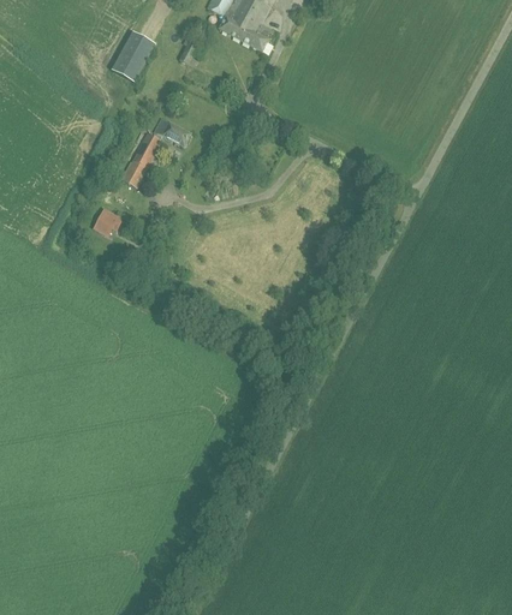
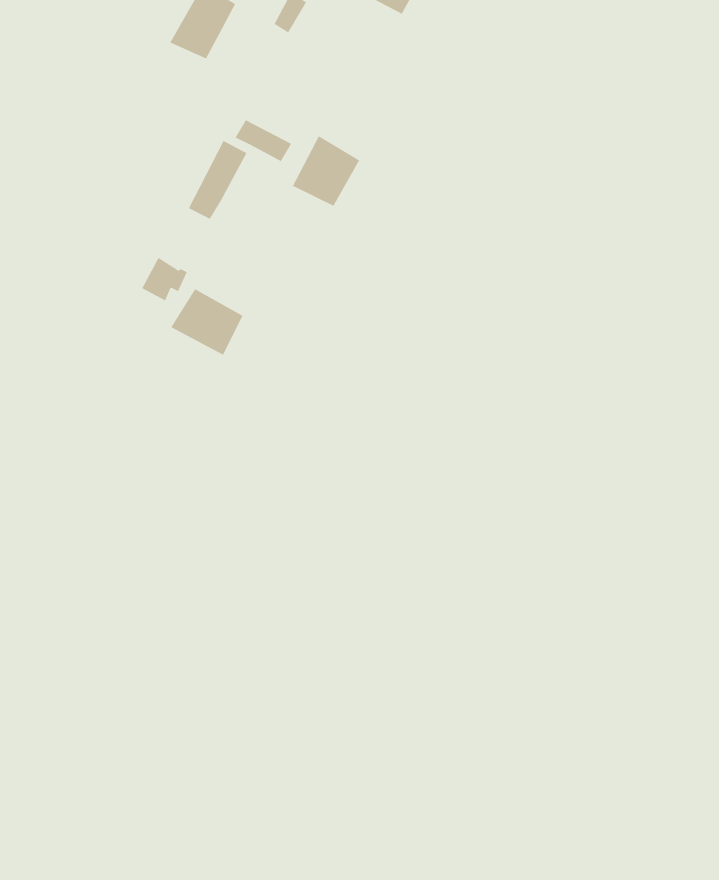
building: none -> [292,135,360,207]
building: none -> [170,288,244,356]

